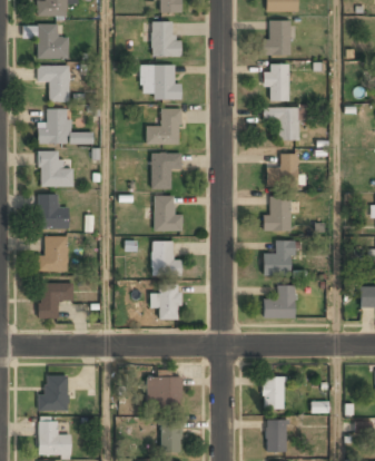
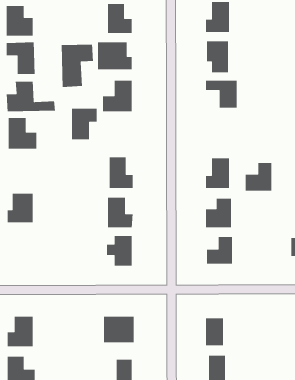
building: none -> [61,44,94,88]
building: [151,153,181,189] -> [71,108,98,140]
building: [267,154,298,187] -> [245,162,272,191]
building: [38,193,69,228] -> none
building: [40,283,73,317] -> none

